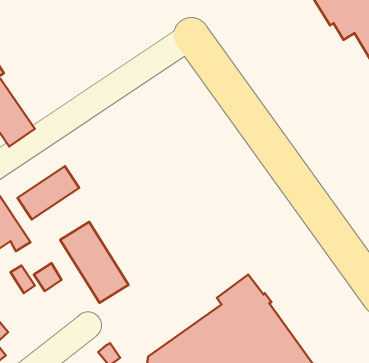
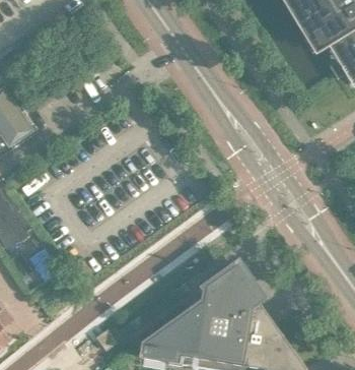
building: [17,166,79,220] -> none
building: [60,222,129,303] -> none

